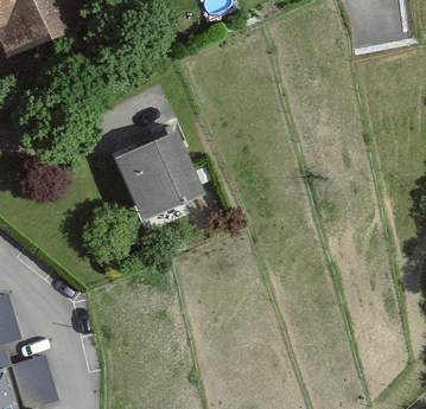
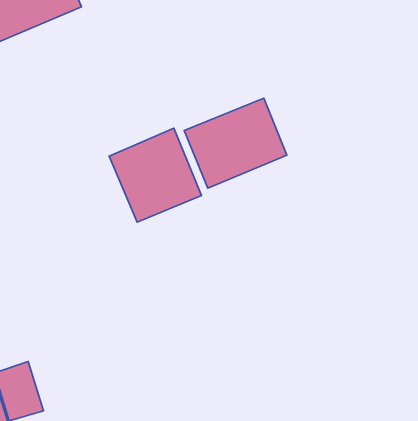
building: none -> [184,98,287,188]

